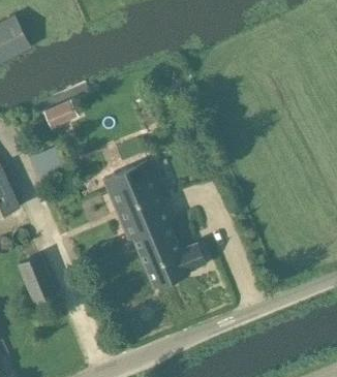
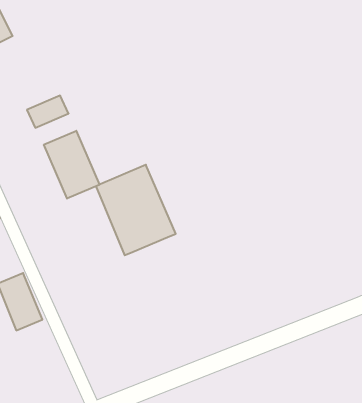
building: none -> [44,131,99,199]
building: [132,223,204,287] -> none

